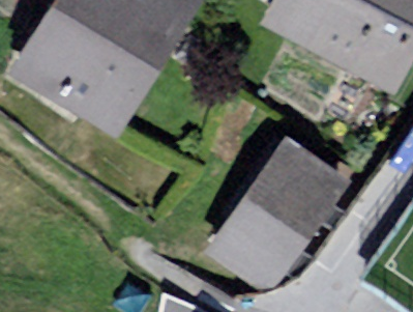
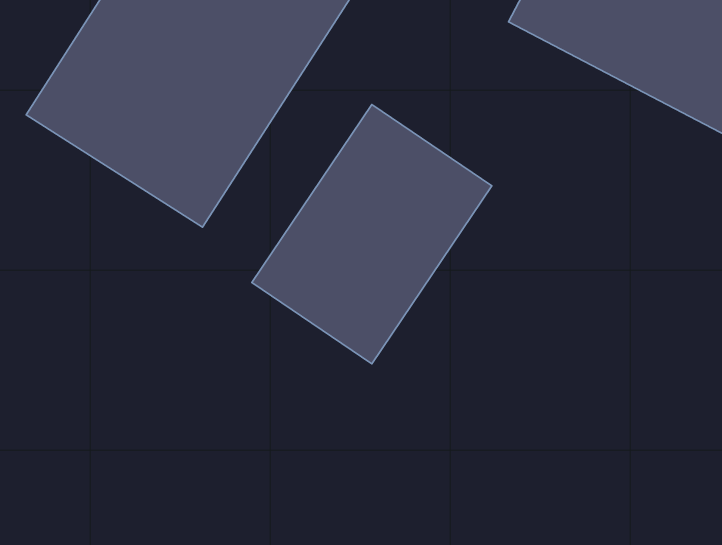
building: [210,153,338,292] -> [252,104,492,364]

